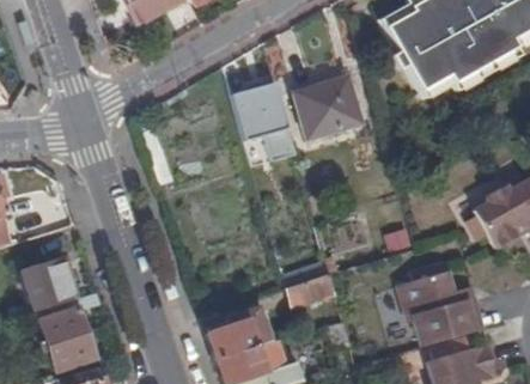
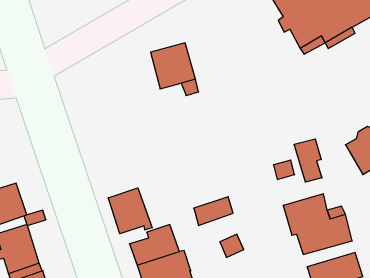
building: [297,78,363,139] -> none
building: none -> [294,139,322,182]
building: none -> [108,188,152,234]

